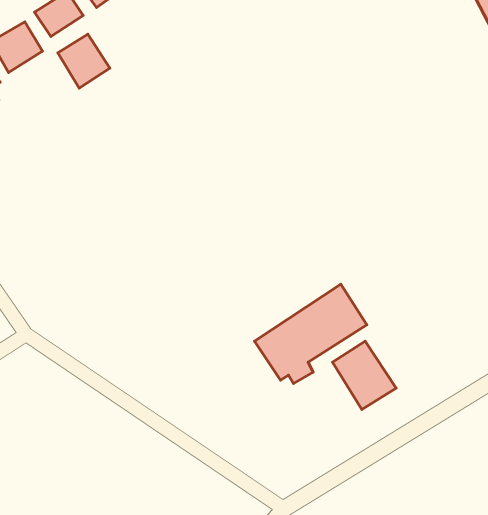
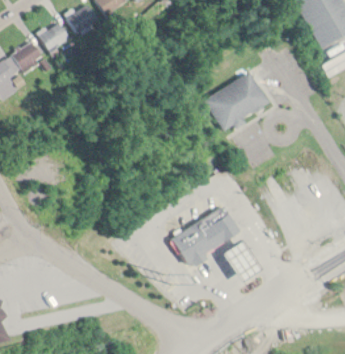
building: [58,34,110,88] -> none
building: none -> [205,73,270,131]

